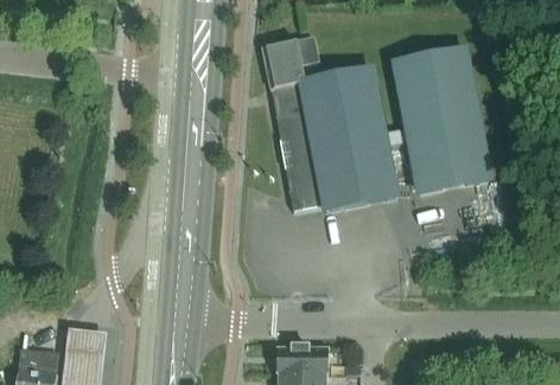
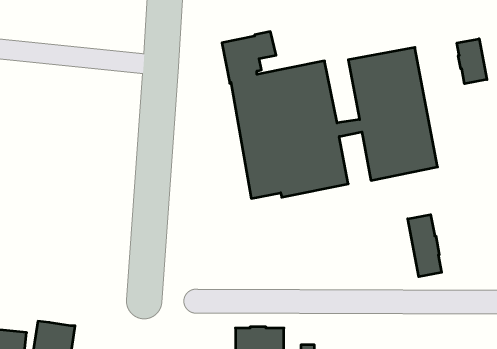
building: none -> [457,39,487,84]
building: none -> [408,215,442,277]

